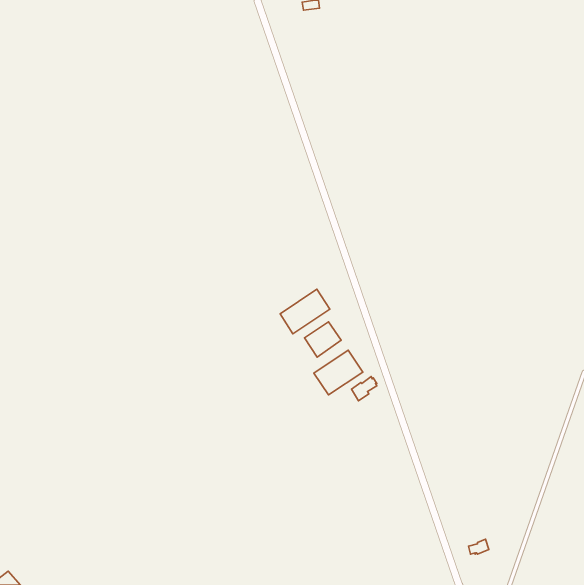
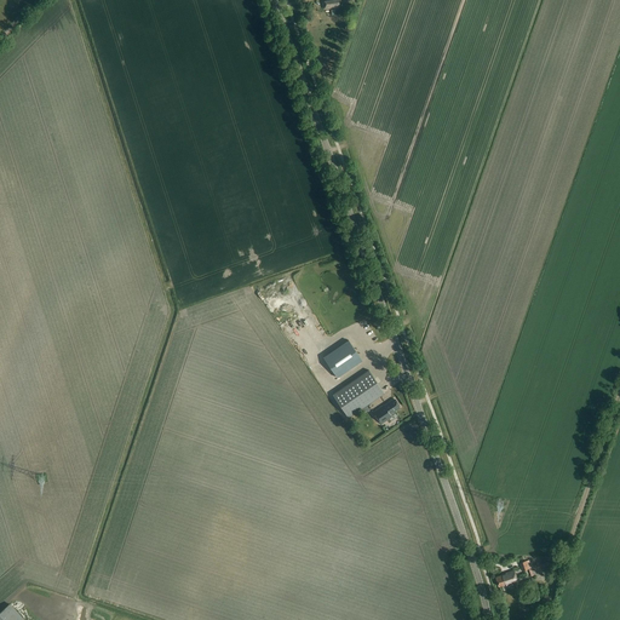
building: [280,289,330,334] -> none

